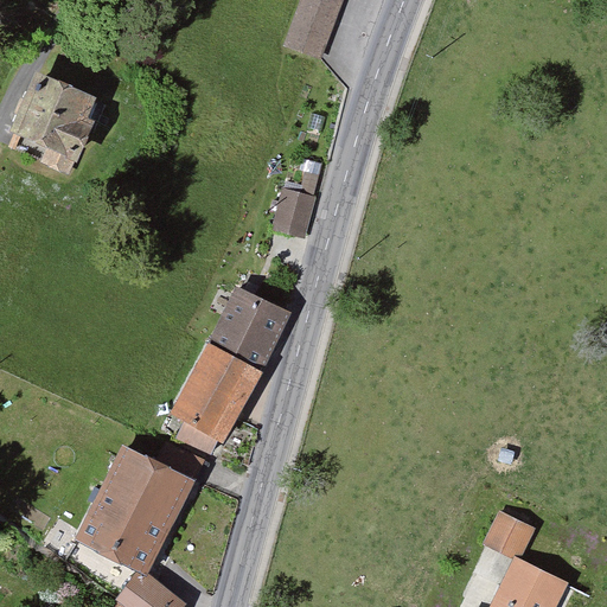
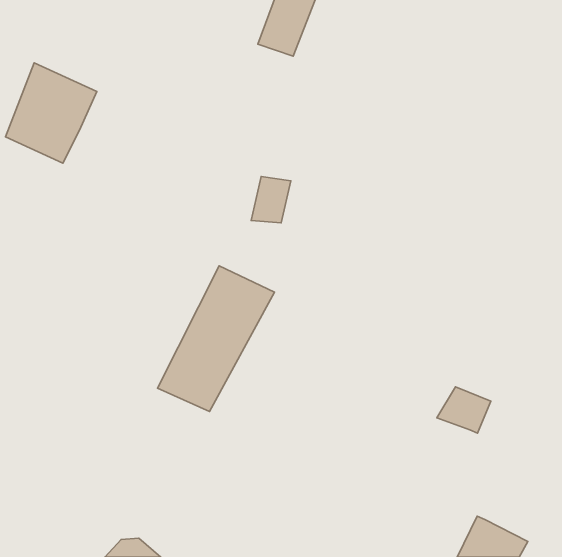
building: [75,442,196,576] -> none
building: [478,509,536,558] -> [437,387,491,433]

